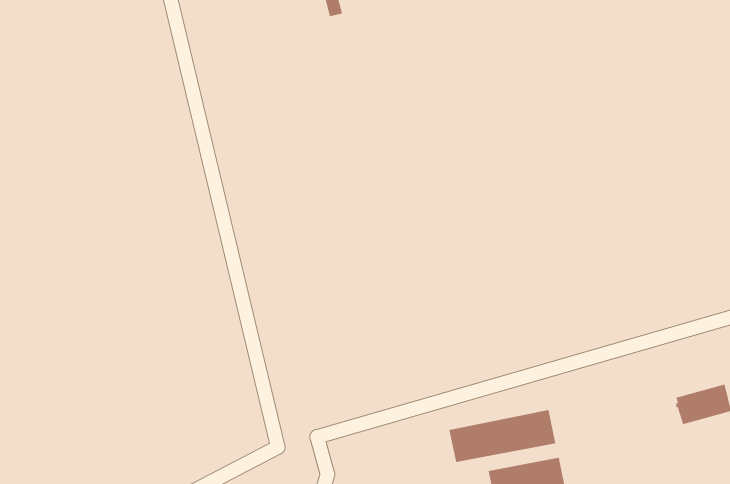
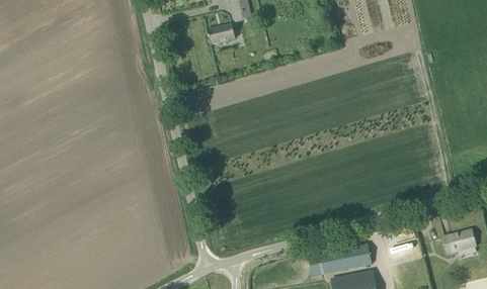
building: none -> [206,23,235,43]

